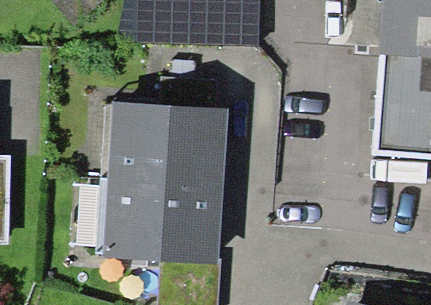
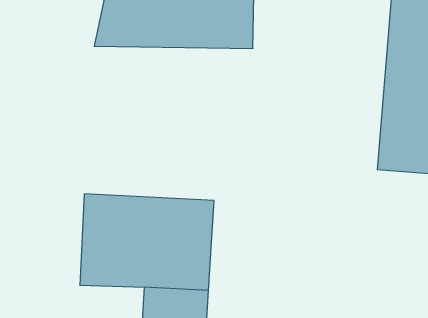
building: [107,102,228,182] -> none

